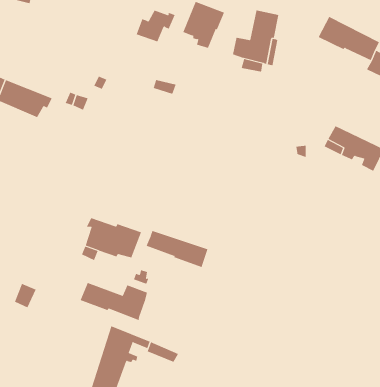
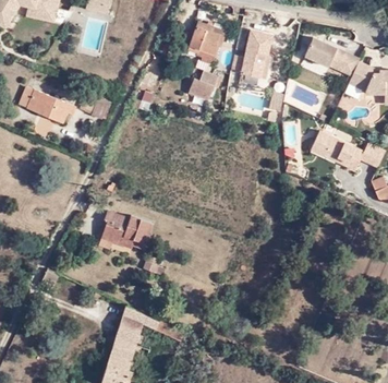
building: [136,10,175,42] -> [187,72,222,100]
building: [146,230,208,268] -> none
building: [80,282,148,321] -> none

